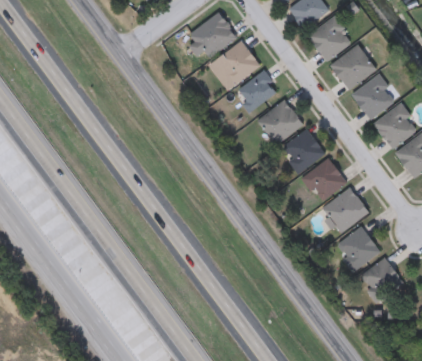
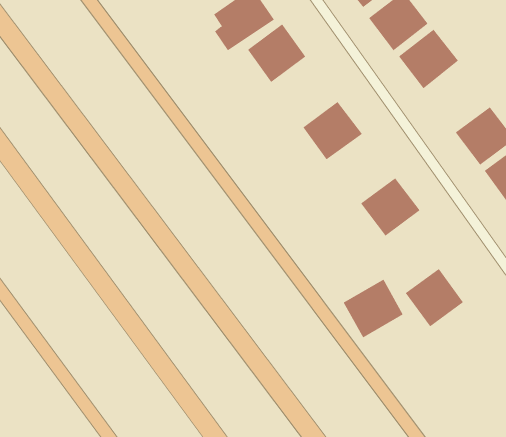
building: [236,70,278,111] -> none
building: [352,75,396,119] -> none
building: [279,128,325,173] -> none
building: [322,188,368,233] -> [343,279,403,338]
building: [361,257,403,300] -> none

